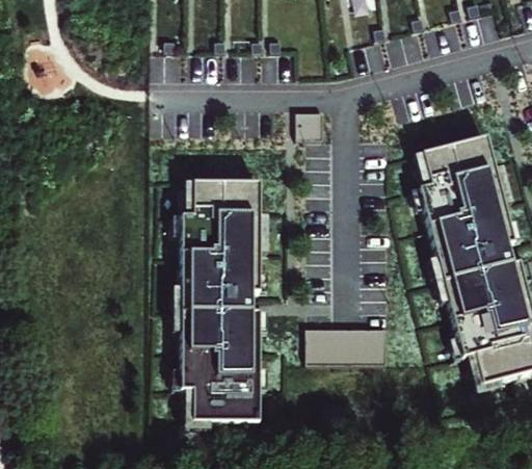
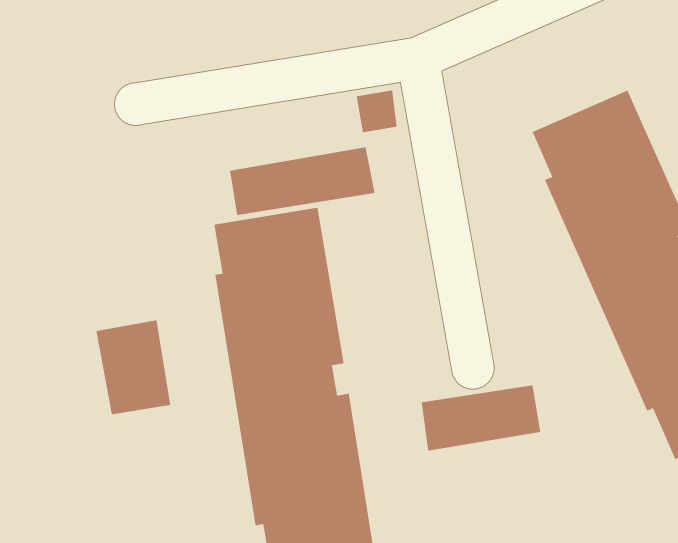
building: none -> [230,147,375,216]
building: none -> [96,320,171,415]

